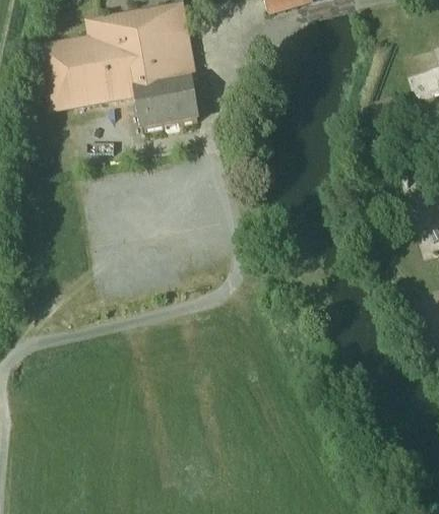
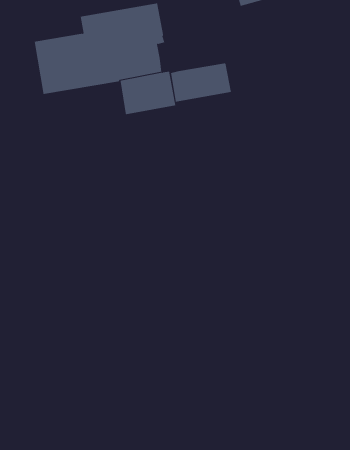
building: none -> [170,63,232,103]

